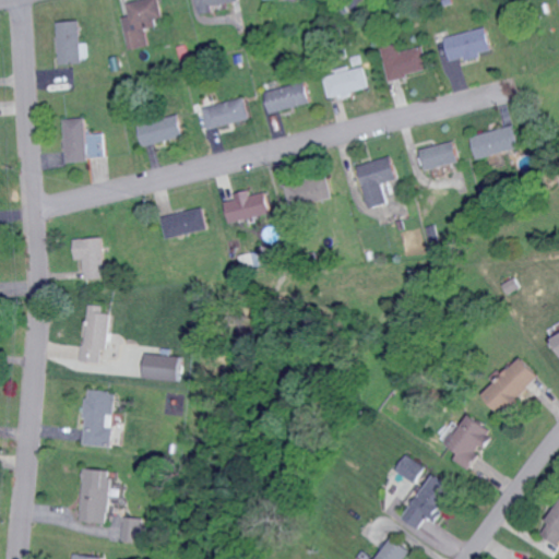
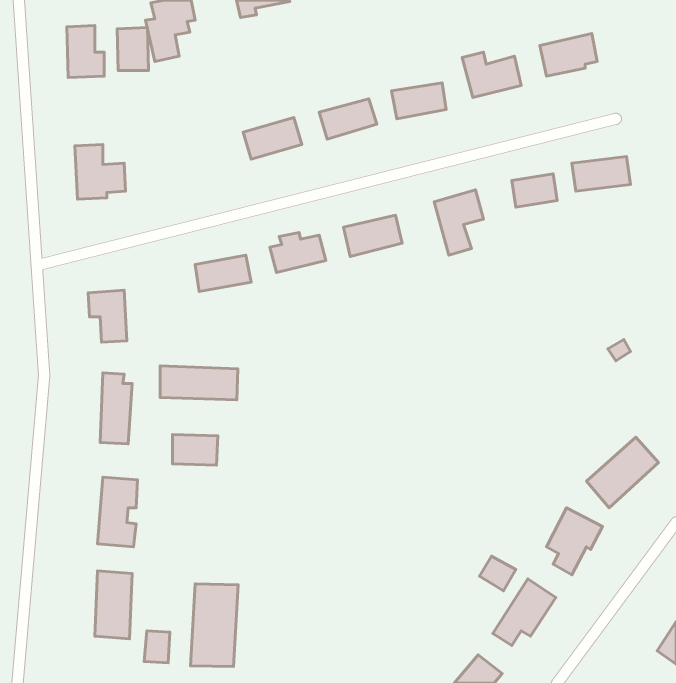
building: none -> [117,28,148,71]
building: [134,115,181,146] -> none
building: none -> [160,366,238,400]
building: none -> [191,584,238,667]

